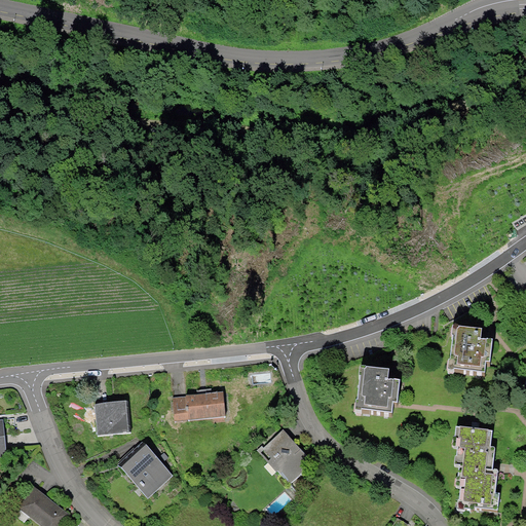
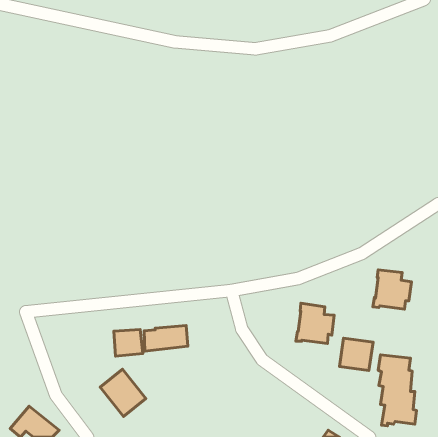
building: [95,401,129,433] -> [114,330,143,356]
building: none -> [339,338,373,371]
building: [257,429,312,482] -> none

